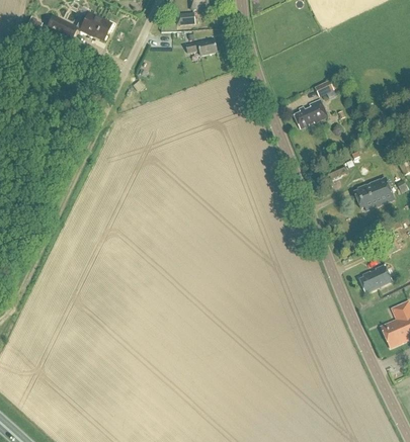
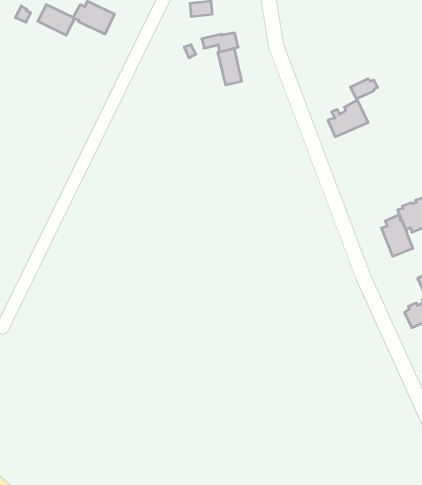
building: none -> [218,48,241,85]
building: none -> [381,215,413,256]

